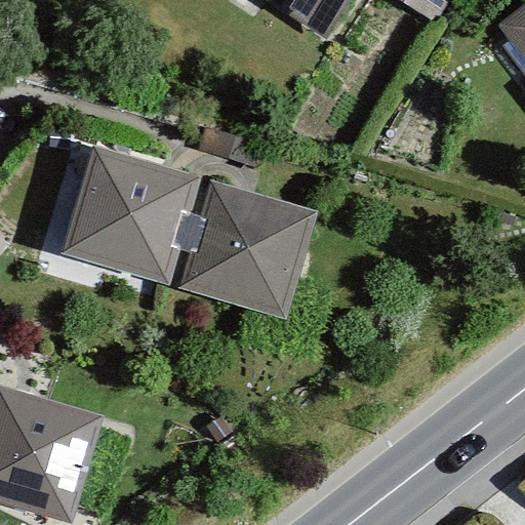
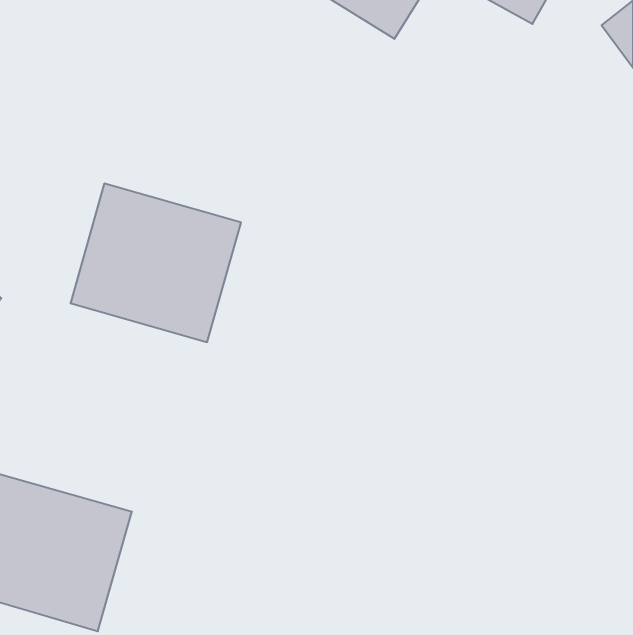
building: [169,181,309,311] -> none

